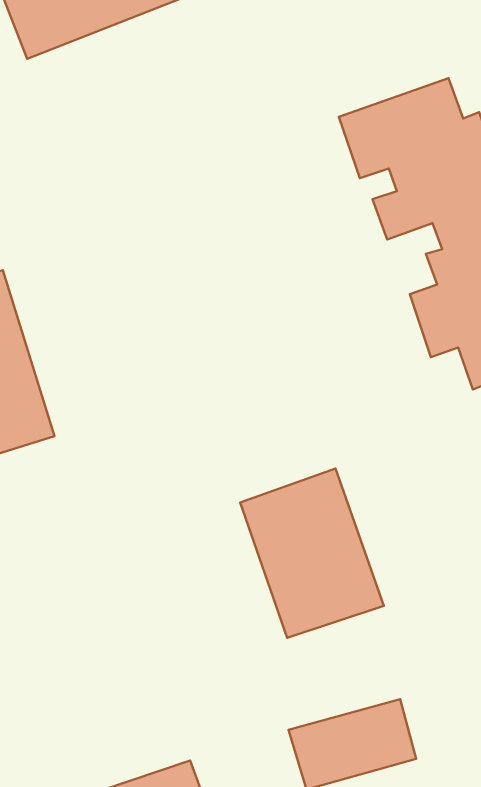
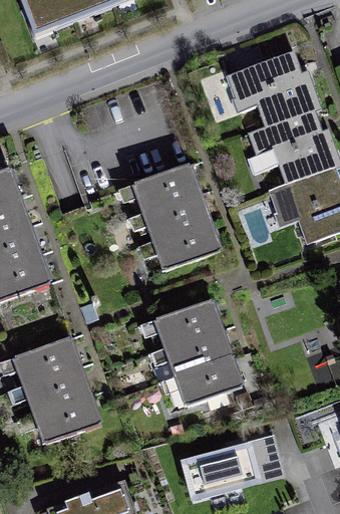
building: none -> [121,167,217,275]
building: none -> [19,334,105,437]

